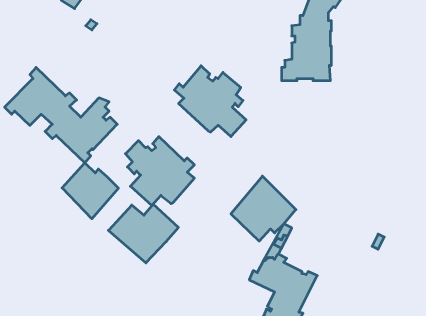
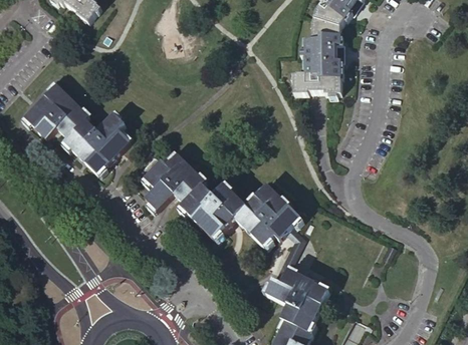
building: [174,66,246,137] -> none
building: [62,163,118,219] -> none
building: [108,204,178,263] -> [186,188,255,246]

